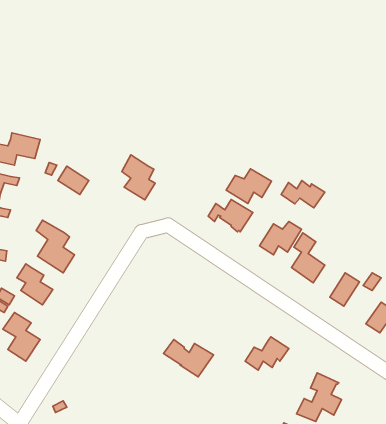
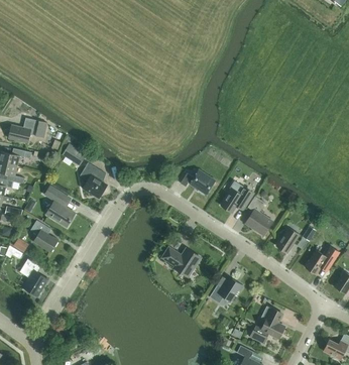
building: [122,155,155,200] -> [81,162,107,198]
building: [226,169,272,203] -> none
building: [281,180,325,208] -> none
building: [164,340,214,377] -> [161,246,201,275]

